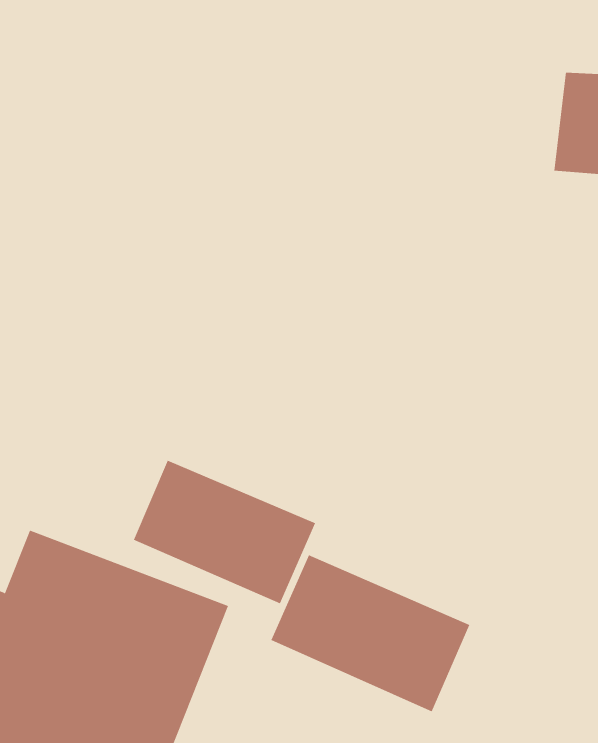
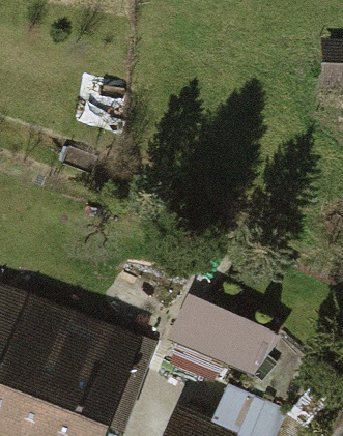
building: [133,460,316,604] -> none

